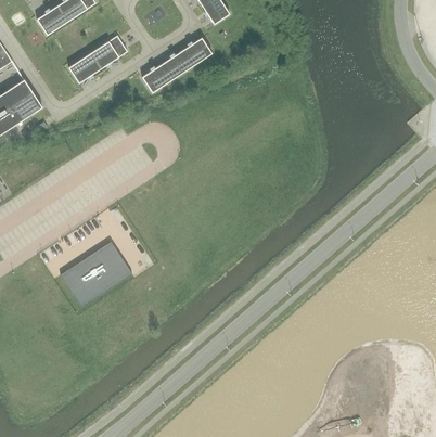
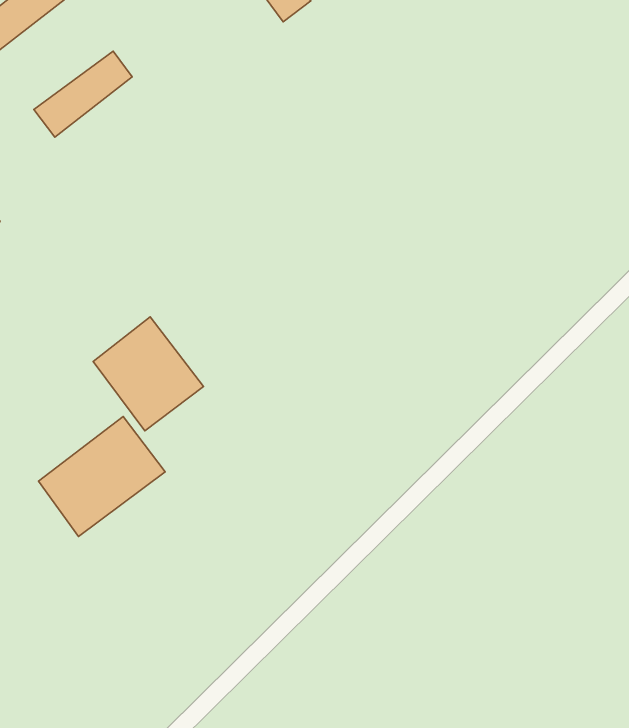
building: [143,38,213,91] -> none
building: none -> [93,317,204,431]

